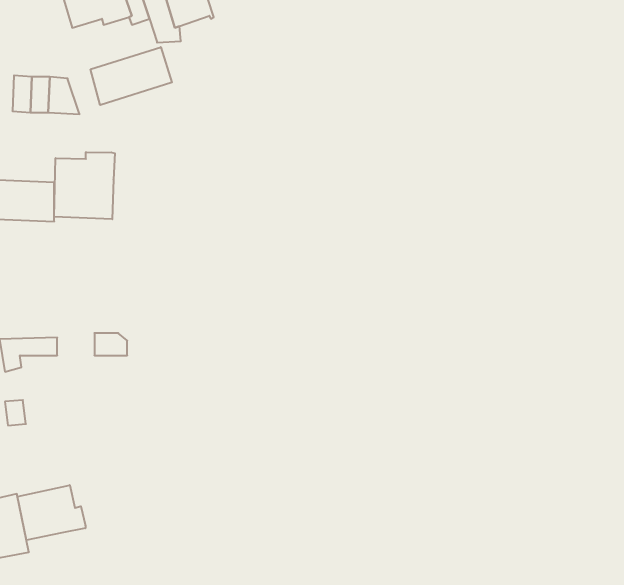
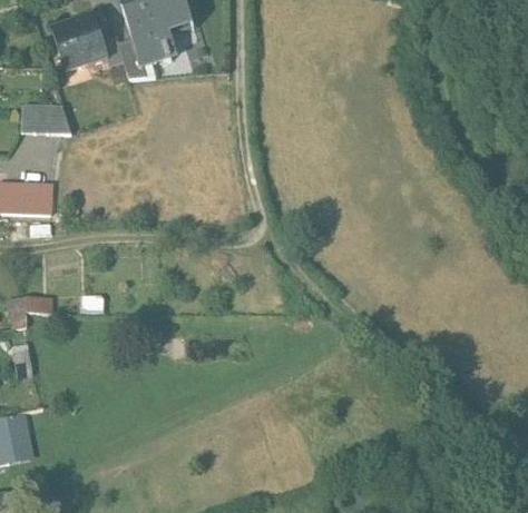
building: [91,47,172,105] -> none
building: [54,152,115,219] -> none
building: [17,485,85,540] -> none

